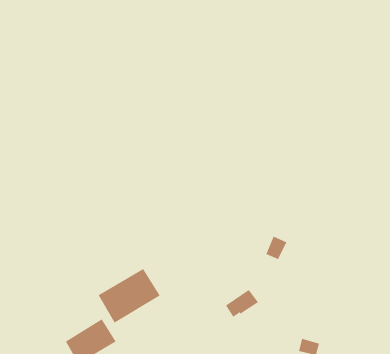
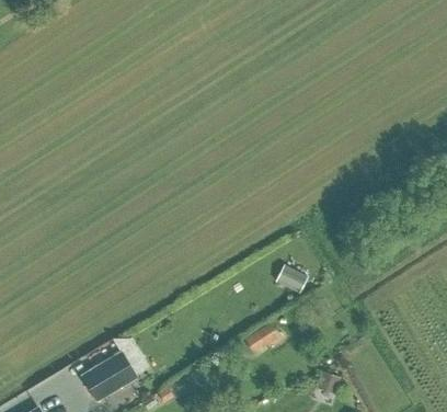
building: [98,268,161,324] -> none

